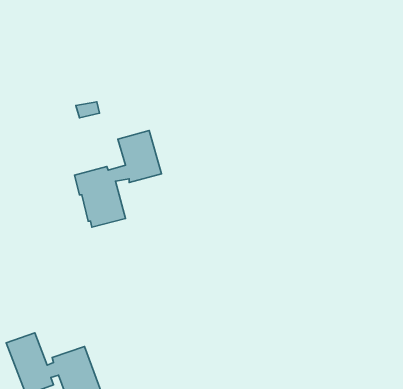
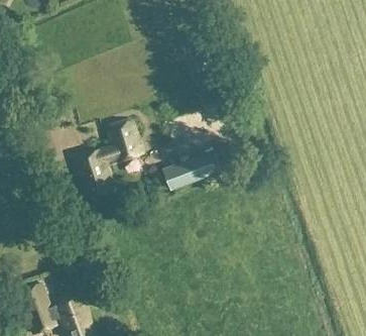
building: none -> [163,148,226,191]

